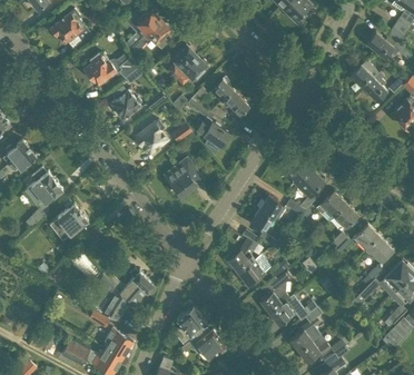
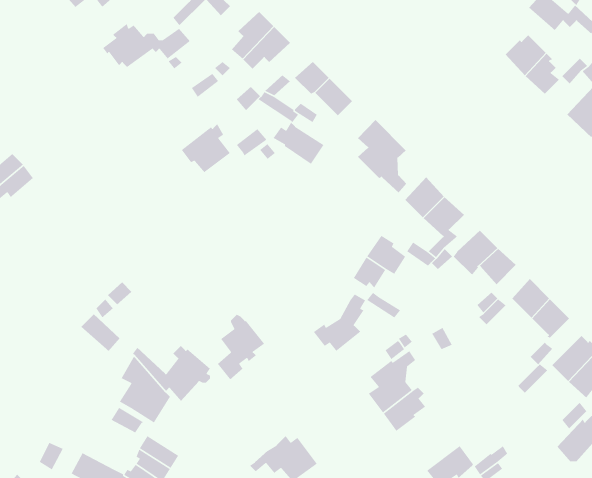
building: [111,89,141,119] -> none
building: none -> [357,119,407,193]
building: [164,158,204,197] -> none
building: [24,169,62,229] -> none
building: [52,200,88,238] -> none
building: [238,255,270,286] -> none
building: [175,302,207,346] -> [217,314,265,380]
building: [289,306,324,352] -> none

